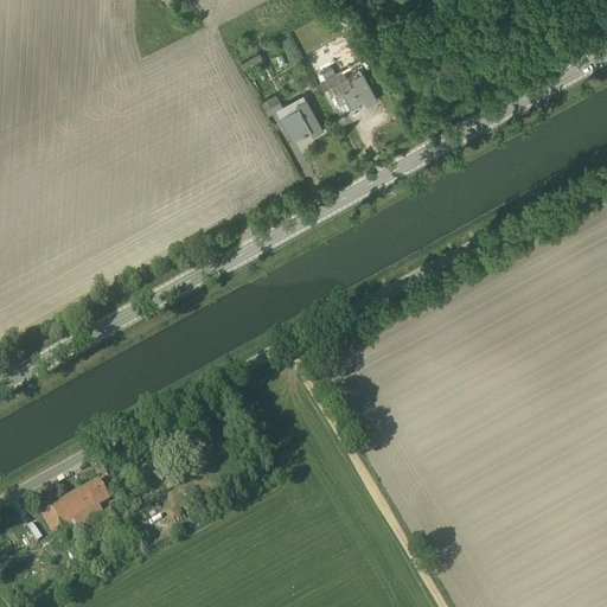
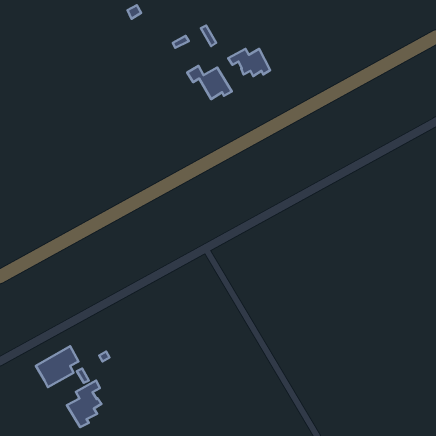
building: none -> [67,380,102,427]

